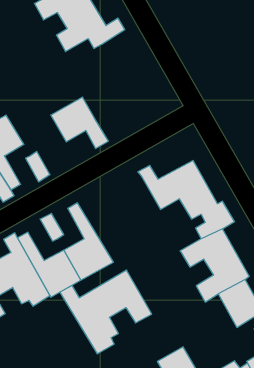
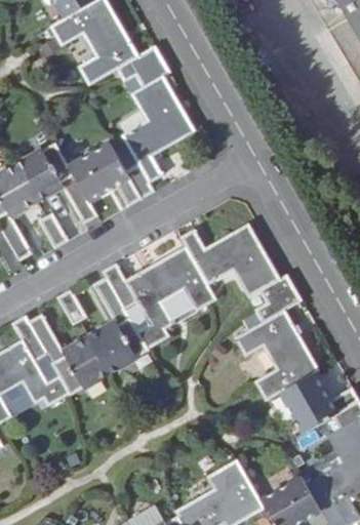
building: none -> [119,58,194,199]
building: none -> [12,142,96,223]
building: [60,270,152,354] -> [99,244,215,350]

